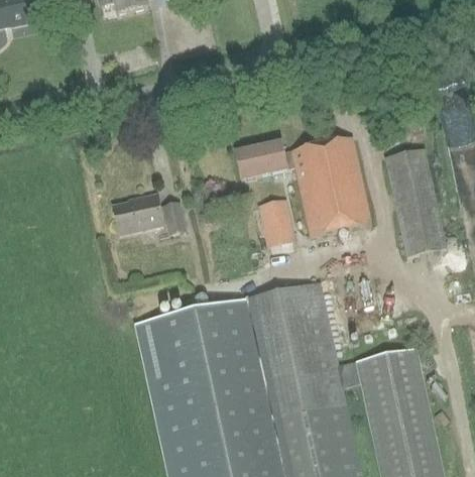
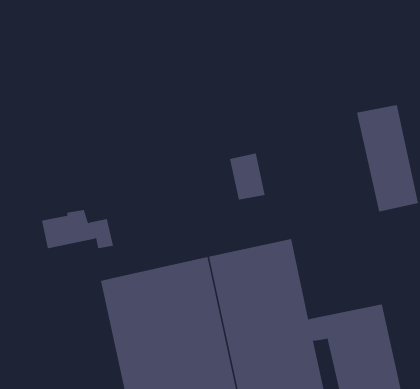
building: [236,135,373,235] -> none
building: [114,193,187,232] -> [41,210,114,249]

